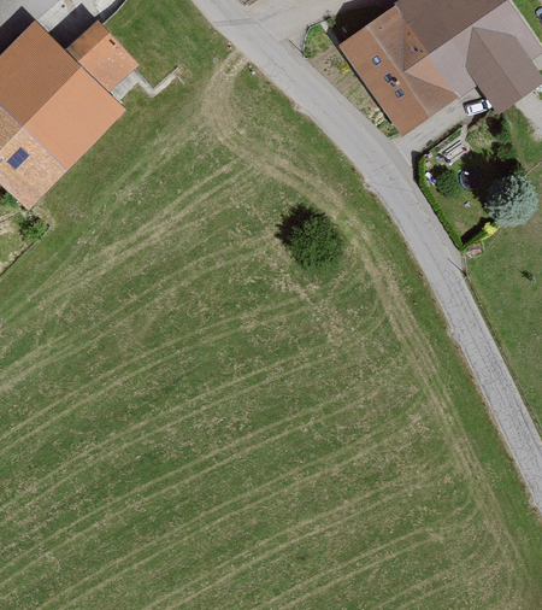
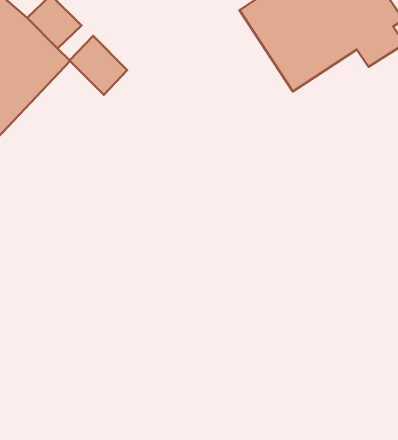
building: none -> [70,36,127,95]

